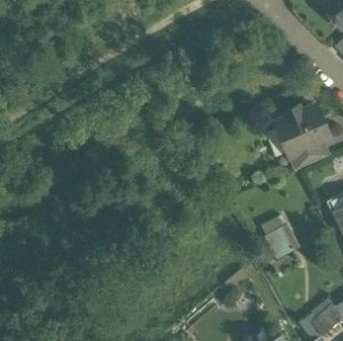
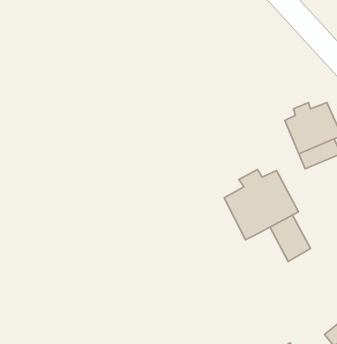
building: none -> [224,170,298,240]

